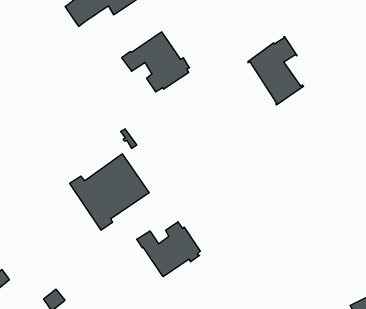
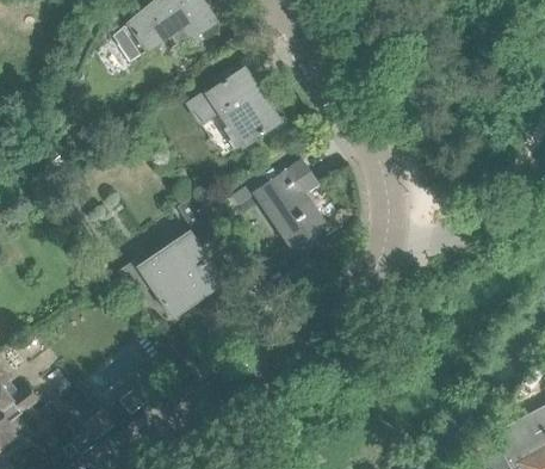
building: [248,37,304,105] -> [254,158,328,248]
building: [137,222,200,277] -> none

